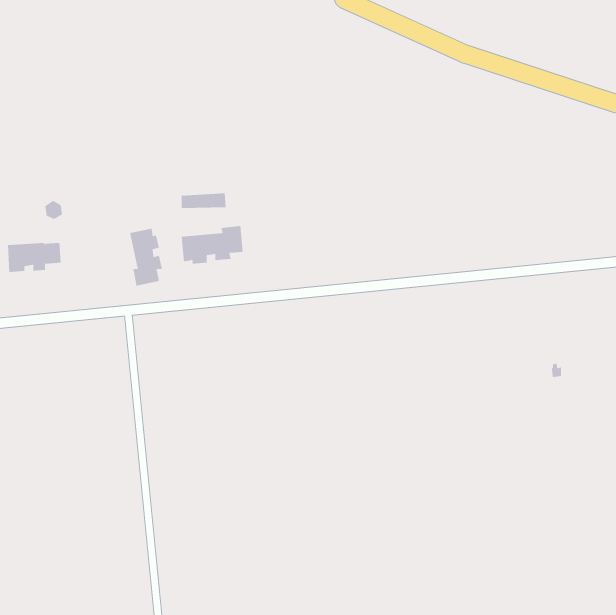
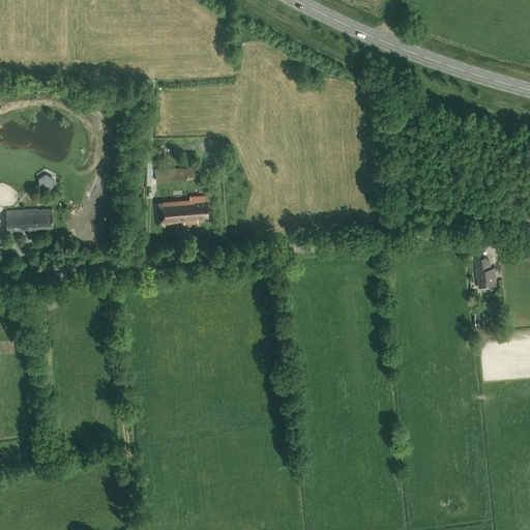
building: [130,228,163,286] -> none
building: none -> [474,257,496,288]

